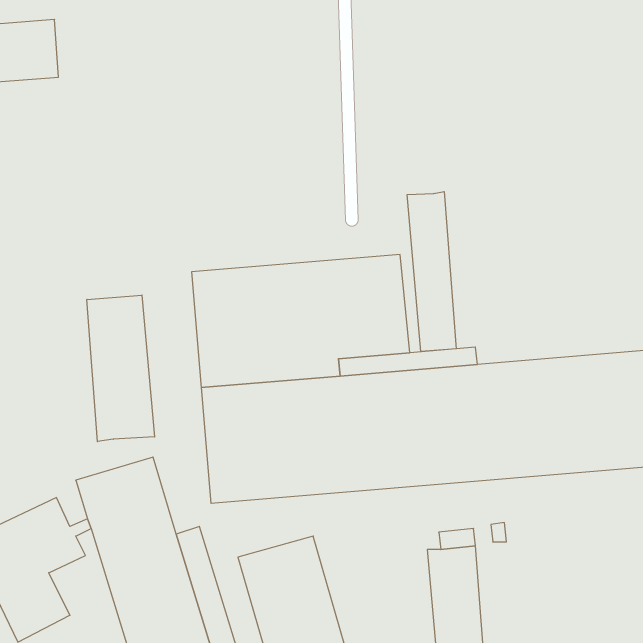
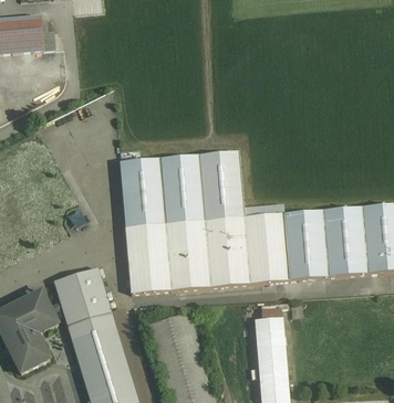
building: [407,192,456,352] -> none
building: [87,295,155,442] -> none

